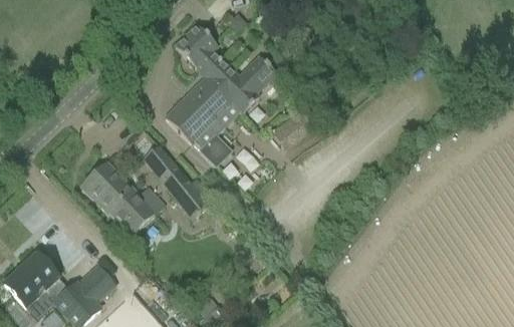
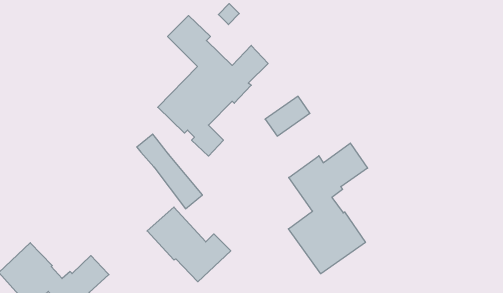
building: none -> [288,143,368,274]
building: [79,160,164,236] -> [147,207,231,282]

